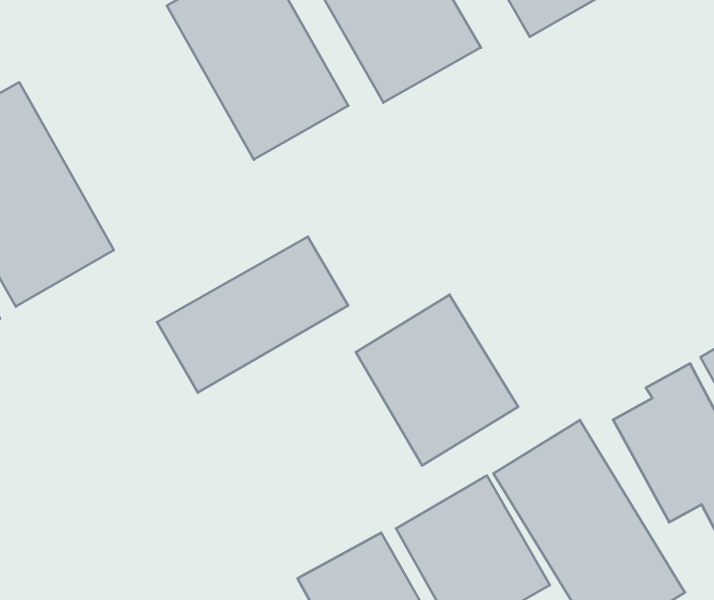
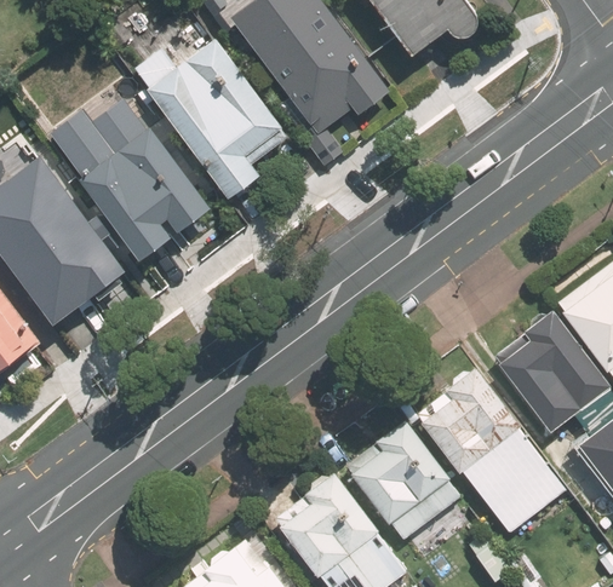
building: none -> [62,102,210,259]
building: [157,237,348,393] -> none
building: [356,295,518,465] -> none

